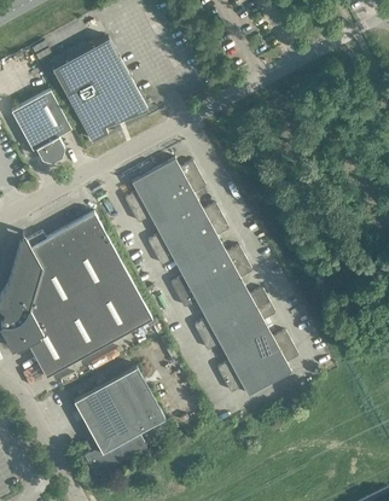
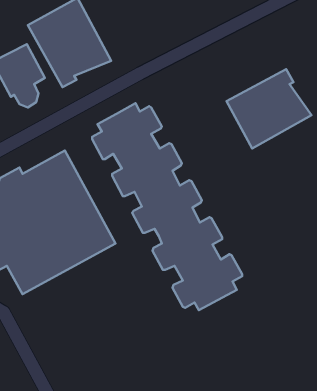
building: none -> [226,69,312,149]
building: [71,361,166,477] -> none

